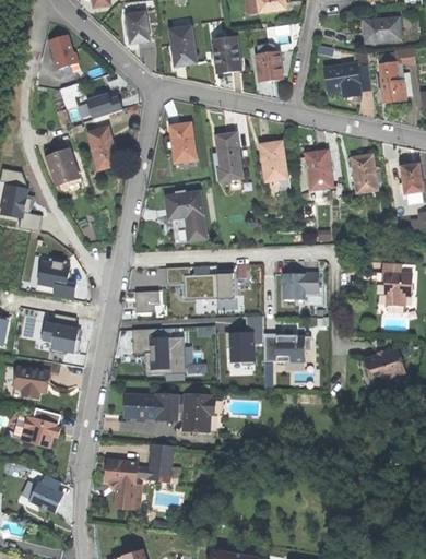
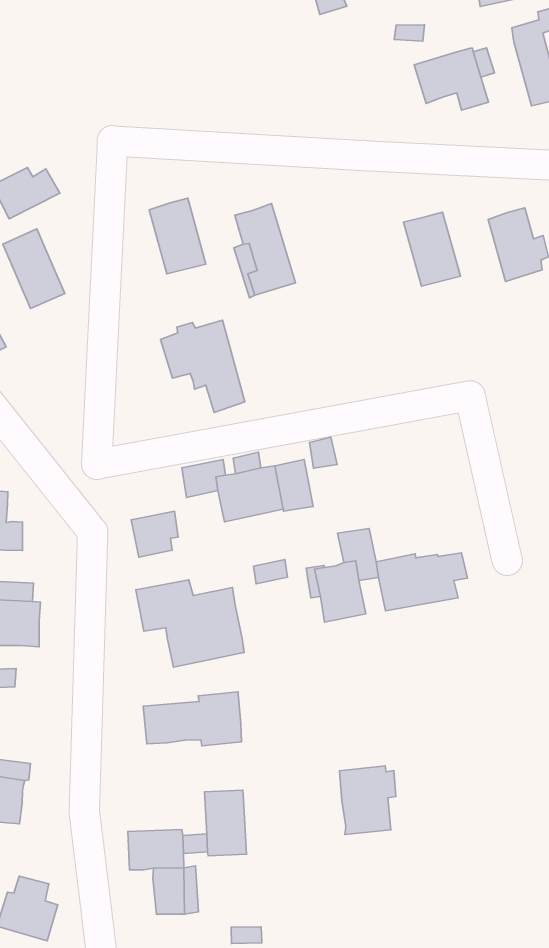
building: [125,11,149,44] -> none
building: [170,26,197,66] -> none
building: [213,36,240,73] -> none
building: [256,51,283,82] -> none
building: [260,141,286,181] -> none
building: [283,273,318,299] -> none
building: [182,394,214,430] -> [339,766,396,835]

